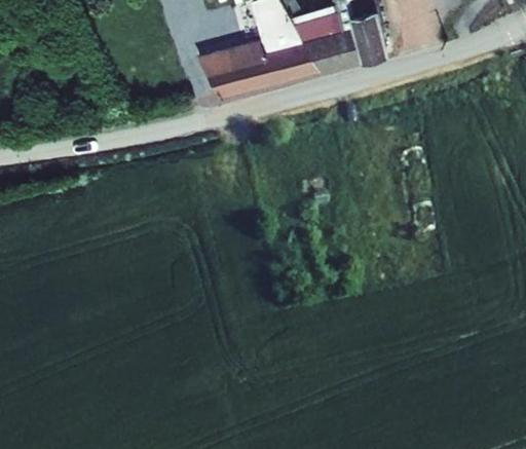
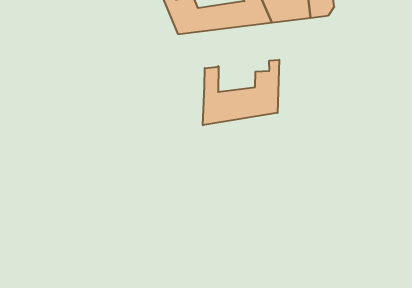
building: none -> [203,60,279,125]

